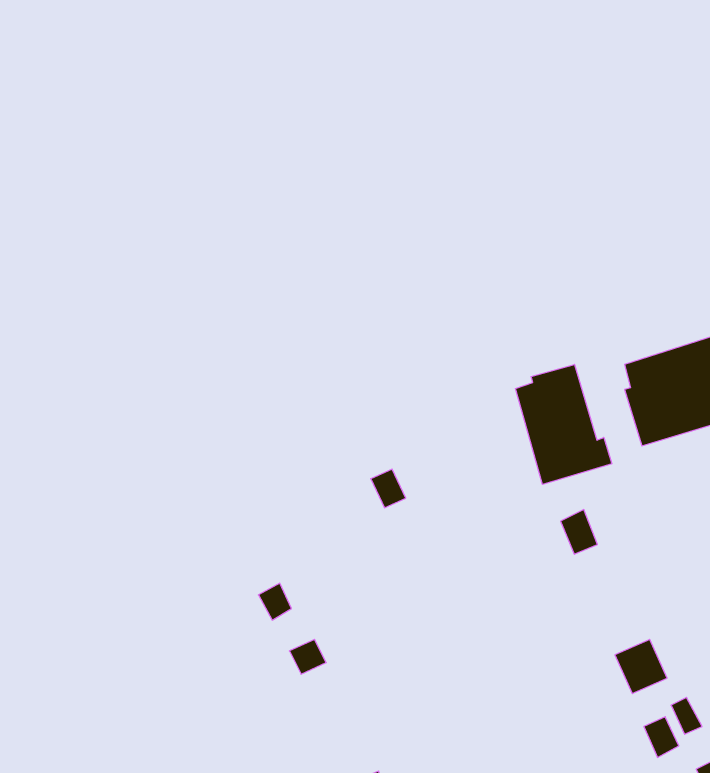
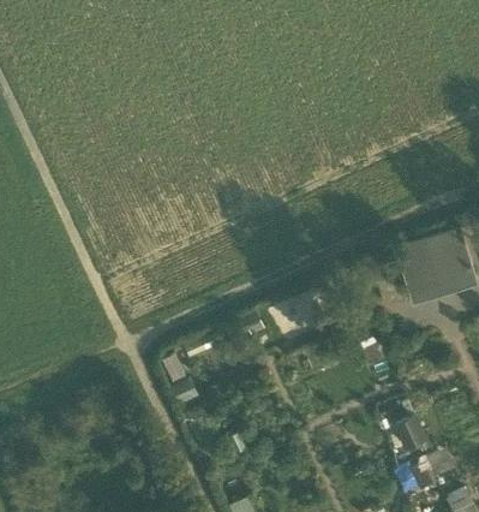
building: [516,364,612,484] -> none

